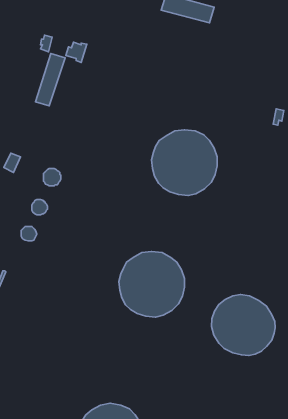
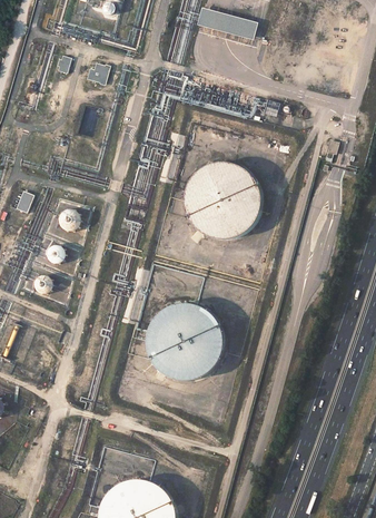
building: [36,54,65,106] -> none
building: [211,294,275,355] -> none

